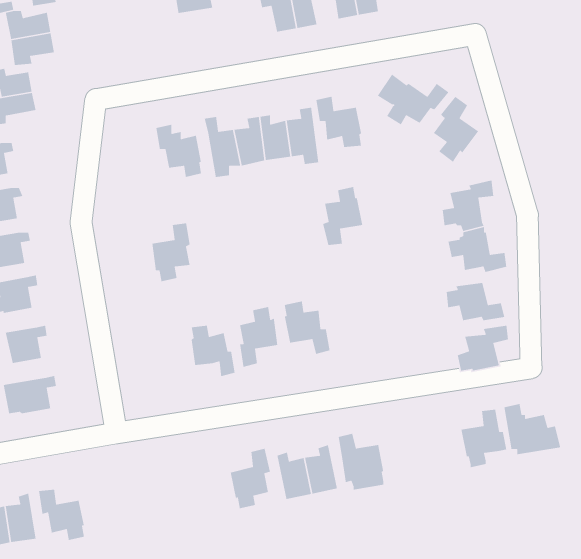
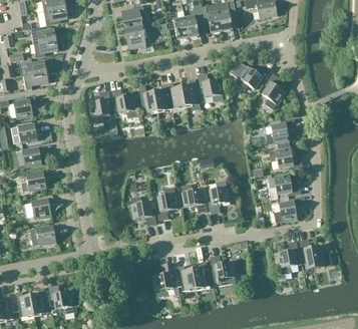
building: none -> [123,26,145,49]
building: [322,186,363,246] -> [208,181,230,213]
building: [151,223,190,282] -> [88,91,109,123]

